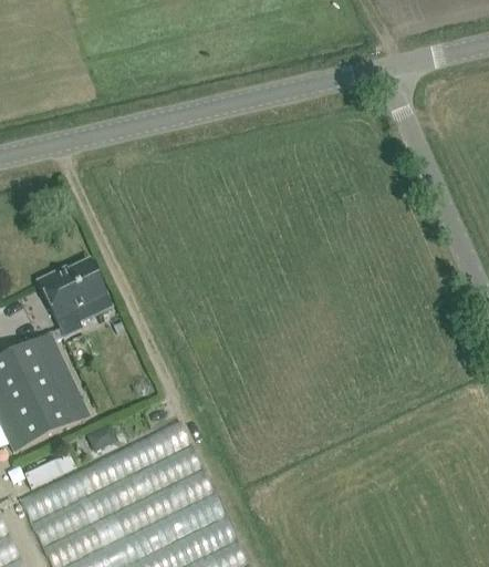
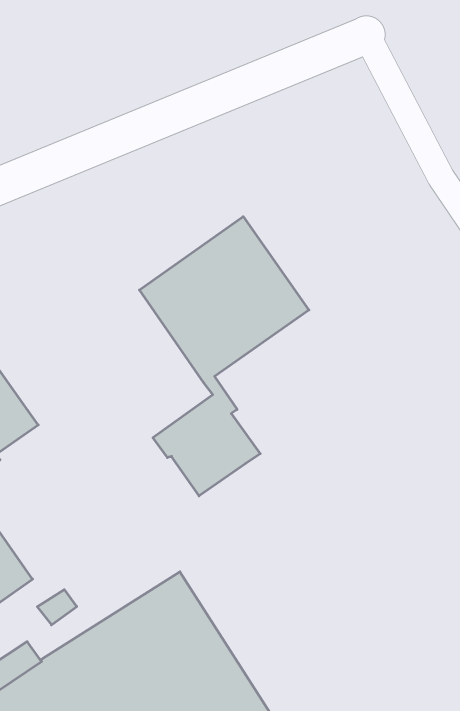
building: none -> [139,217,309,496]

